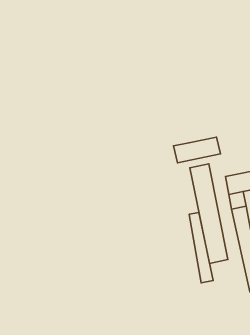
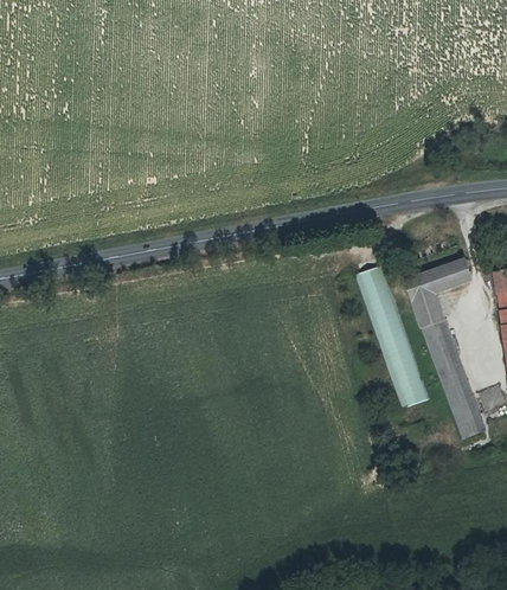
building: [174,137,220,163] -> none
building: [189,213,213,283] -> none

